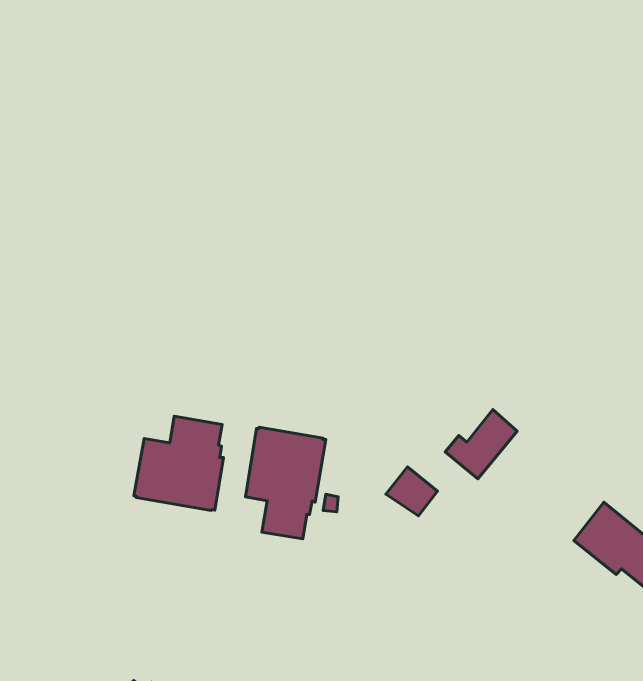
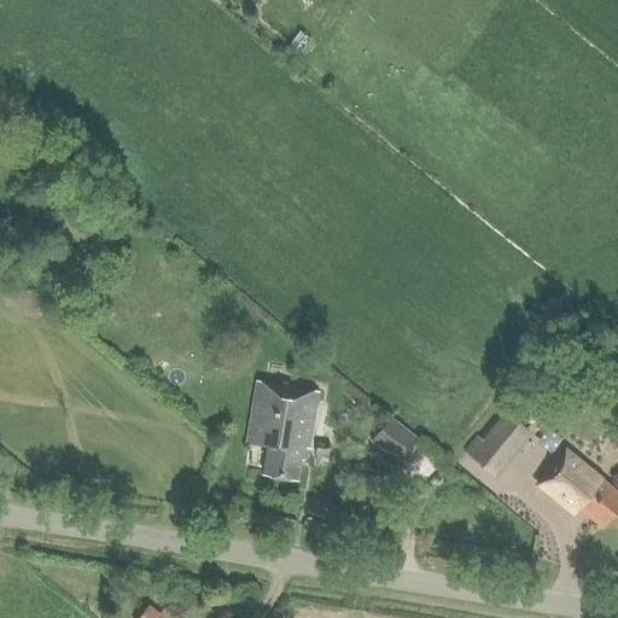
building: [445,410,517,479] -> [465,414,529,476]
building: [134,416,223,510] -> none

